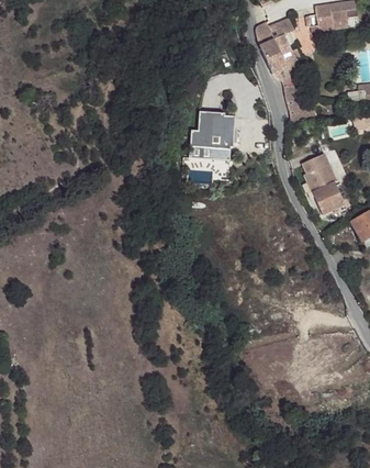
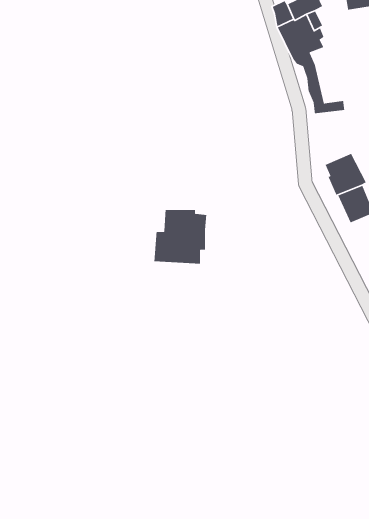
building: [189,115,235,163] -> [153,209,207,265]

